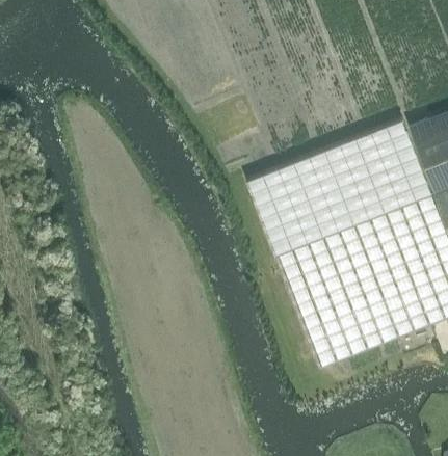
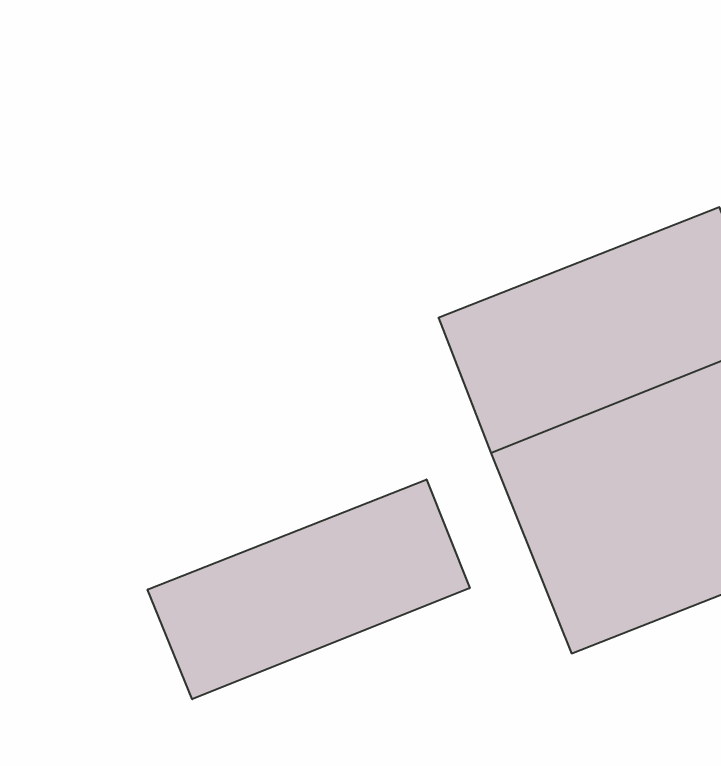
building: none -> [148,479,470,699]

